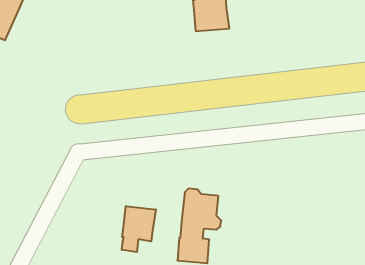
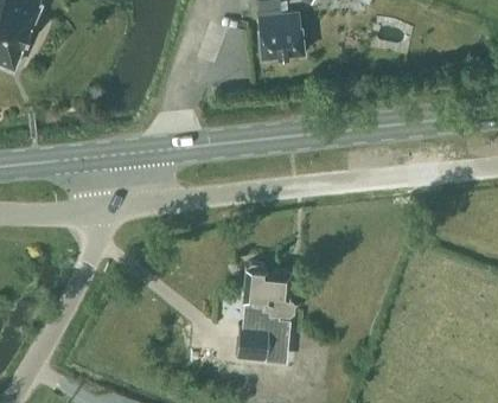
building: [122,206,156,252] -> none

